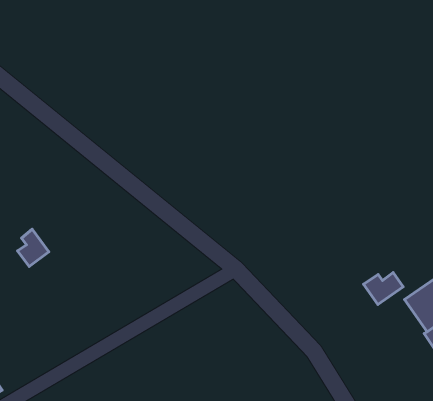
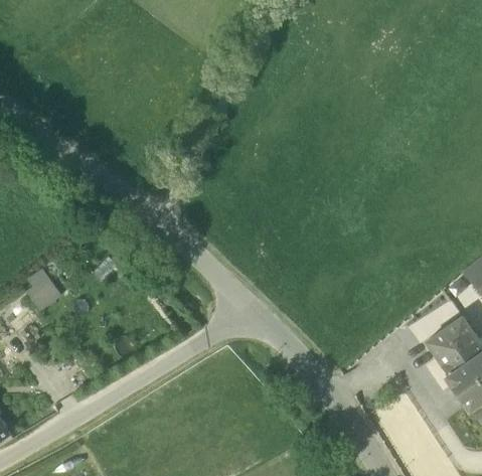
building: [363,273,403,305] -> none

